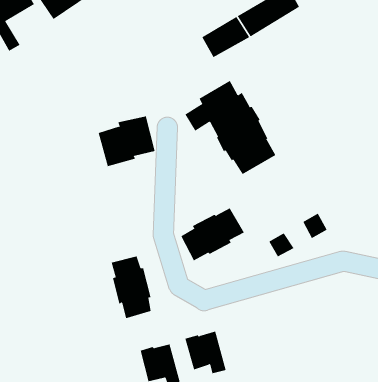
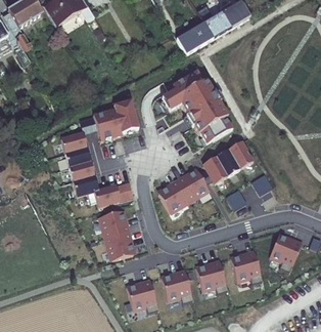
building: none -> [60,130,120,204]
building: none -> [202,143,254,186]
building: none -> [272,233,305,273]
building: none -> [232,249,265,282]
building: none -> [195,258,228,291]

